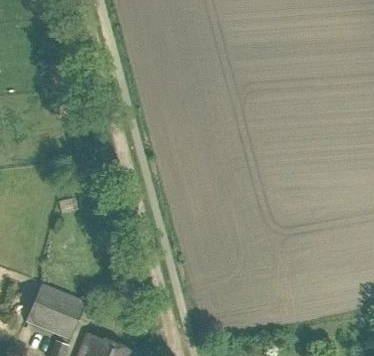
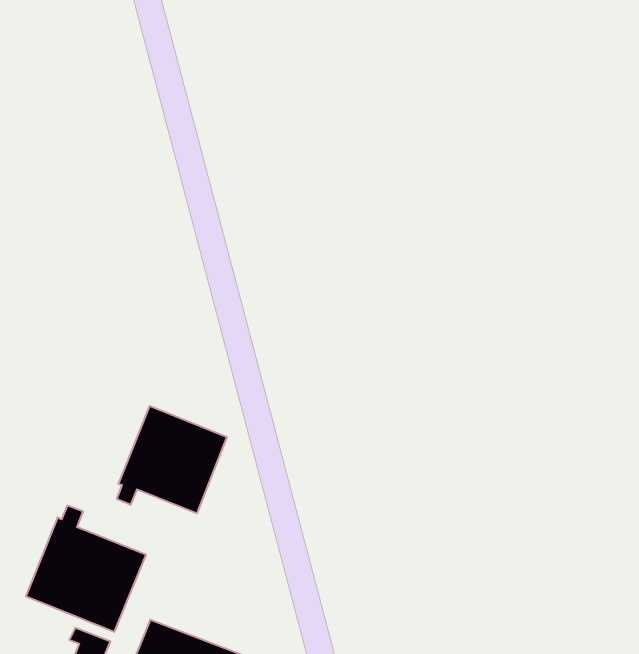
building: none -> [117,406,227,513]

